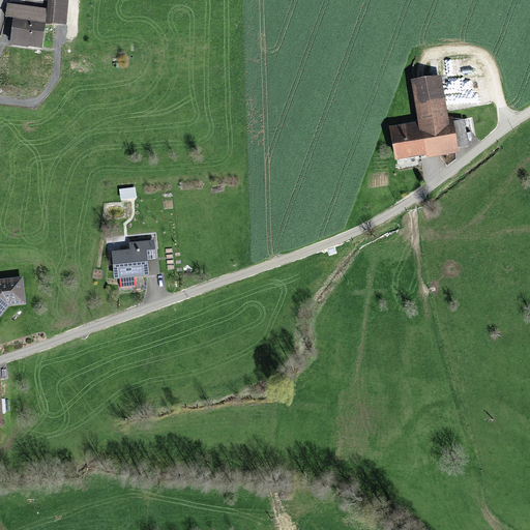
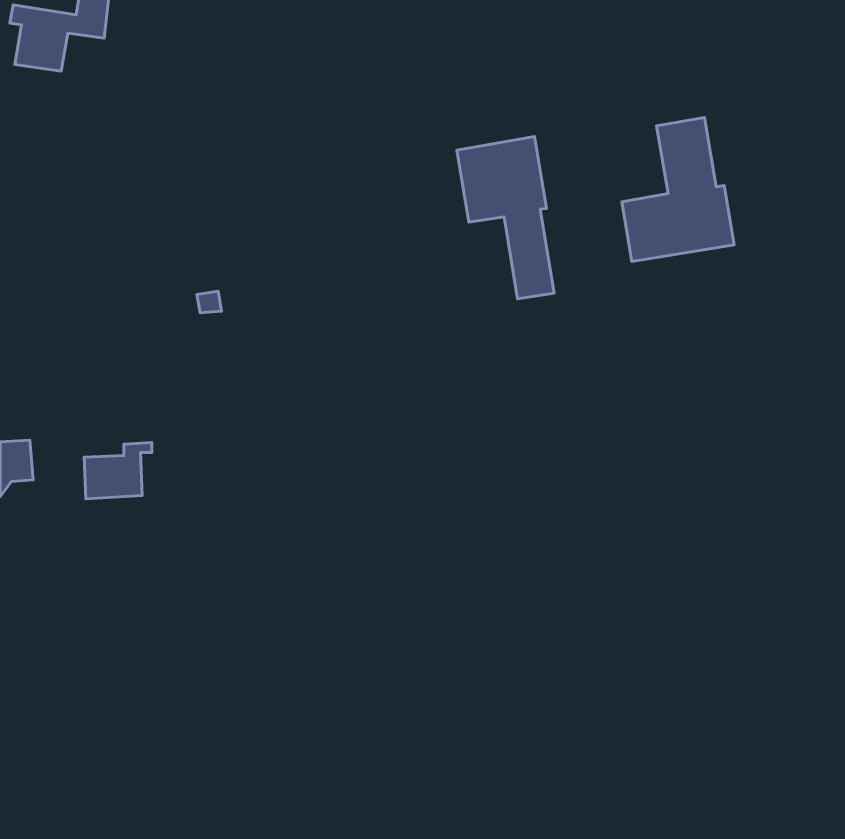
building: none -> [457,136,554,299]
building: [110,239,152,274] -> [84,442,152,499]

